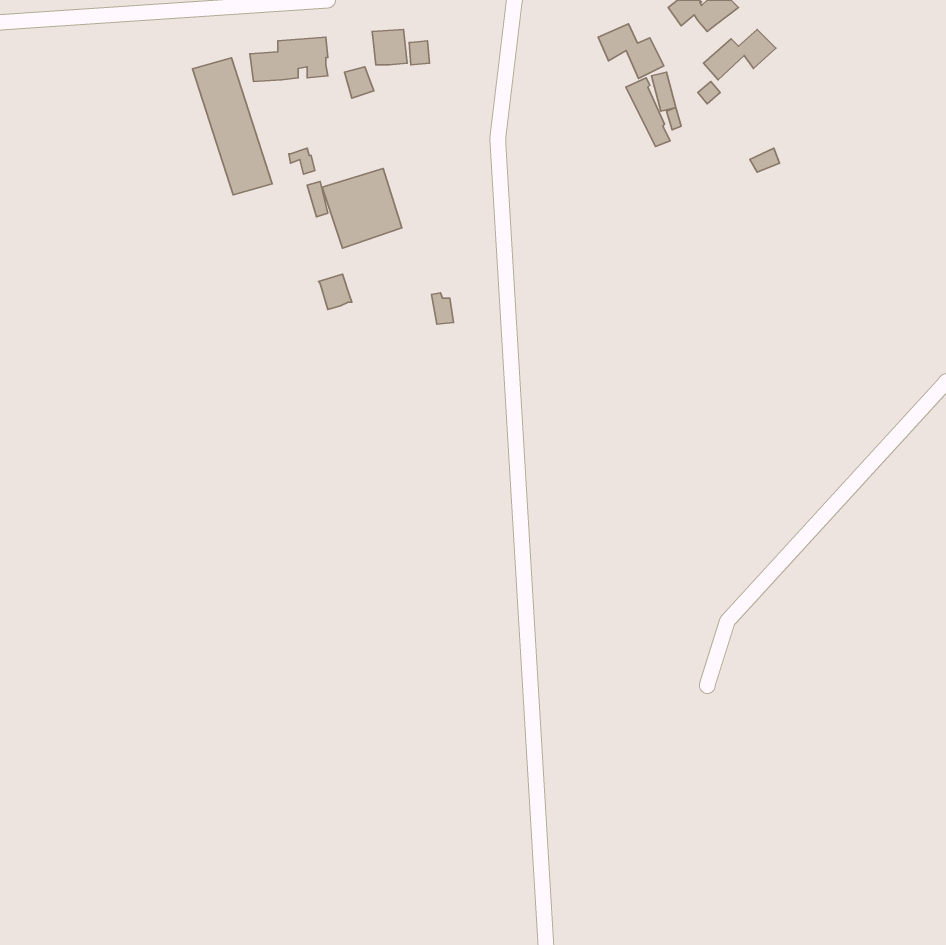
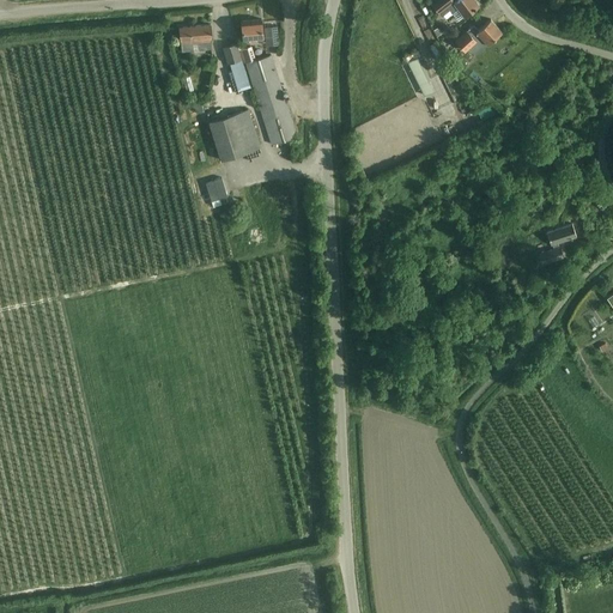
building: [598,24,664,78] -> none
building: [193,58,272,195] -> [245,56,297,145]
building: none -> [538,224,576,265]

